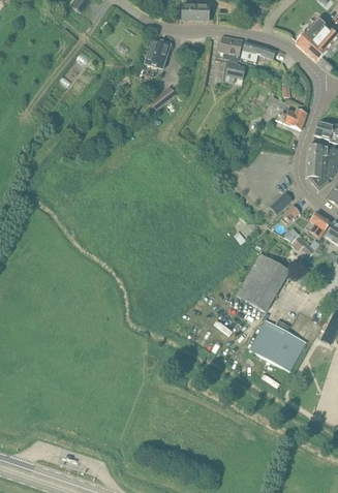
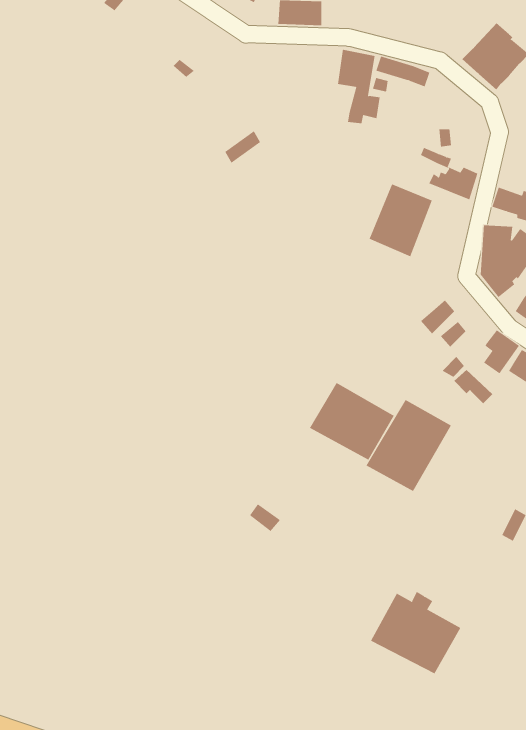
building: [142,37,171,76] -> none
building: none -> [369,183,433,257]
building: none -> [309,382,394,460]
building: [249,319,306,371] -> [370,591,461,674]

